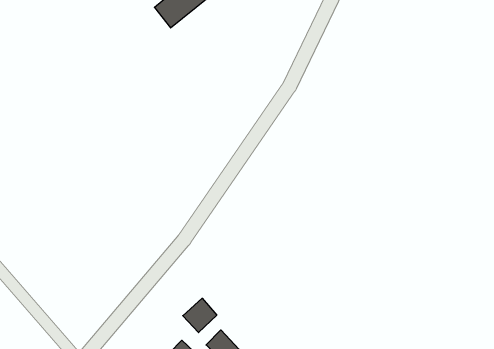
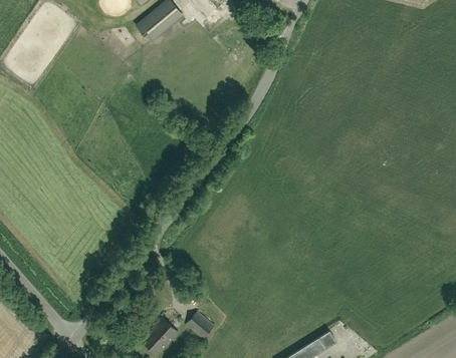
building: [183,298,217,333] -> none

